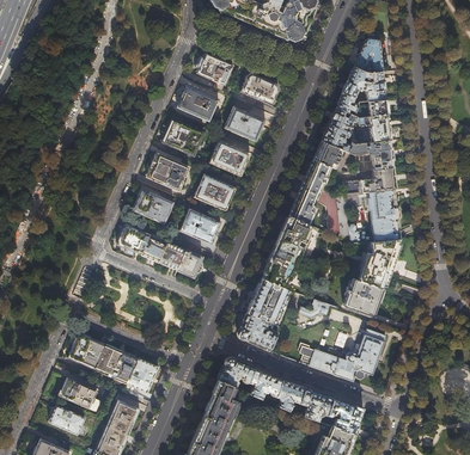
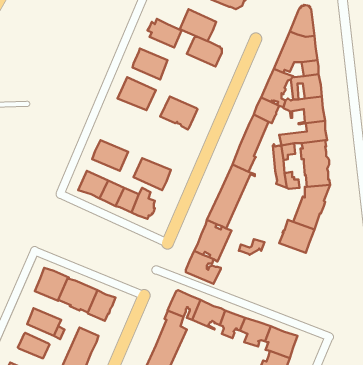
building: [224,106,264,142] -> [180,9,216,41]
building: [145,154,188,191] -> none
building: [193,174,234,210] -> none
building: [298,328,385,381] -> none

